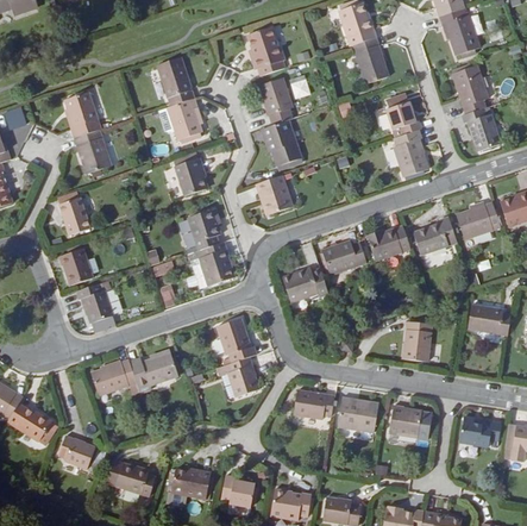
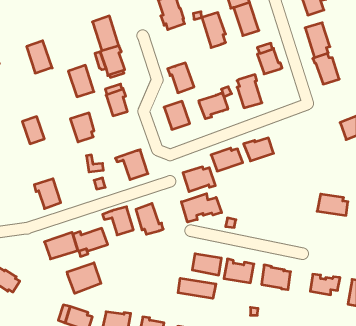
building: [258,77,291,126] -> [202,13,226,48]
building: [74,129,109,173] -> [68,65,94,97]
building: [393,130,427,176] -> [237,75,262,108]
building: none -> [199,92,228,119]
building: [457,205,501,240] -> none
building: [187,211,220,251] -> [70,113,94,142]
building: [413,217,456,253] -> none
building: [59,248,92,284] -> none
building: none -> [181,194,222,222]
building: [406,320,433,359] -> none
building: [215,356,258,395] -> [103,207,133,235]
building: none -> [67,263,101,293]
building: none -> [178,278,216,298]
building: [57,428,95,464] -> none

